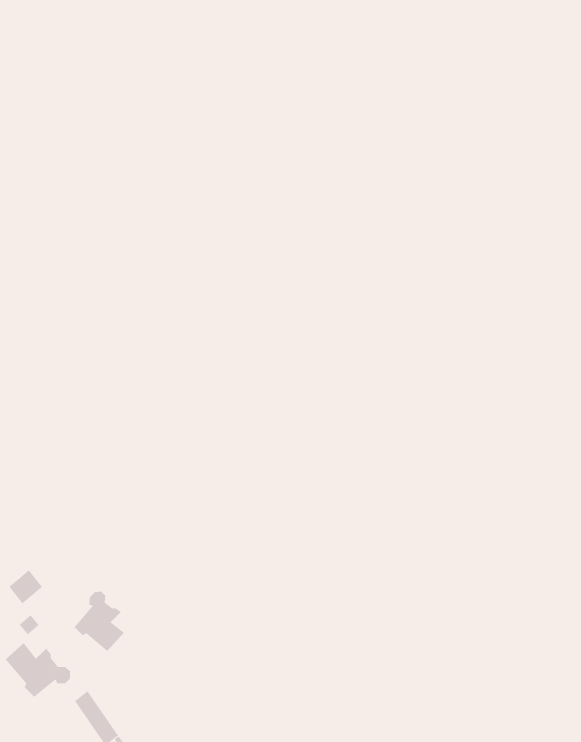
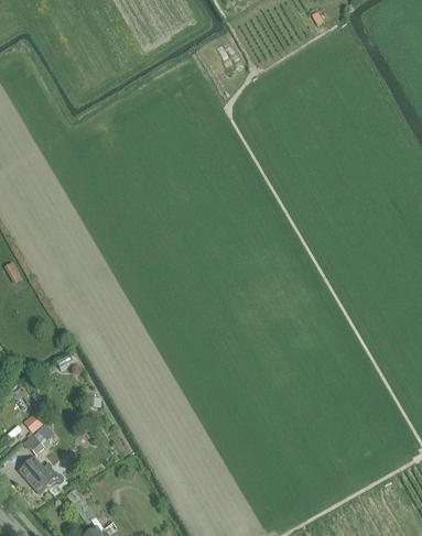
building: [74,591,125,652] -> none

